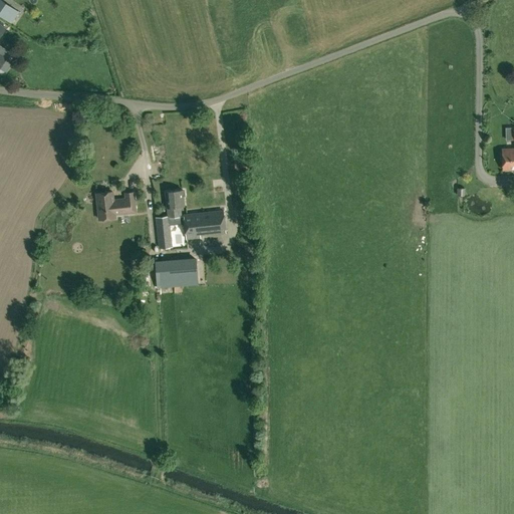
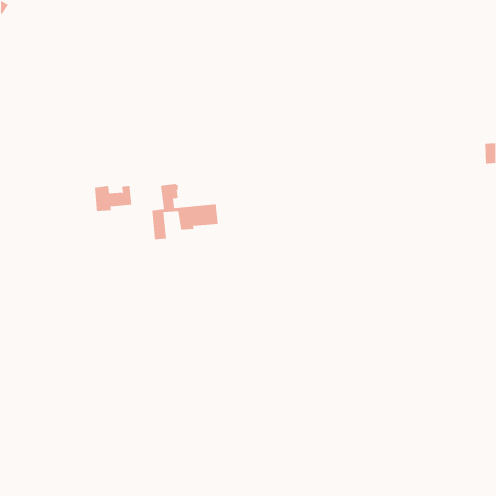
building: [155,260,198,287] -> none

